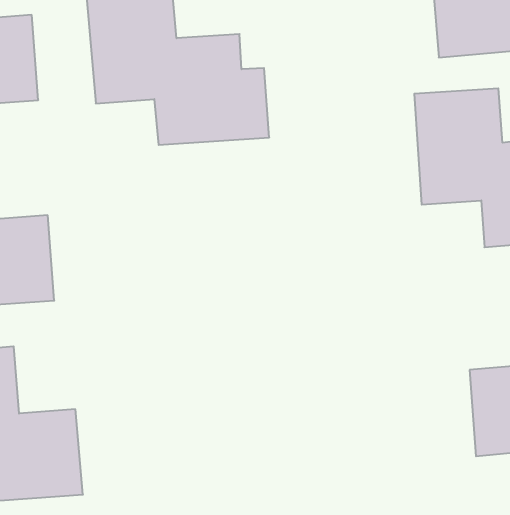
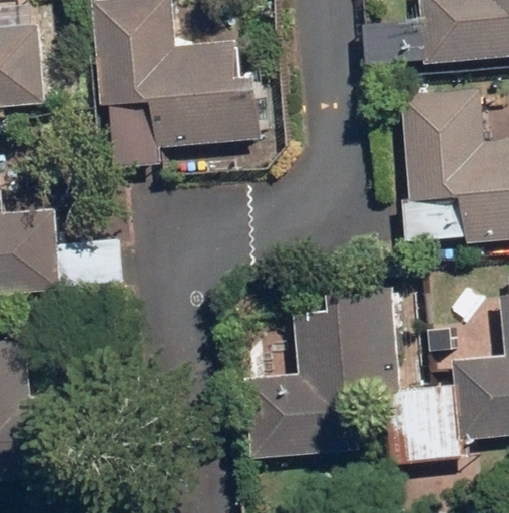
building: none -> [242,286,399,459]

